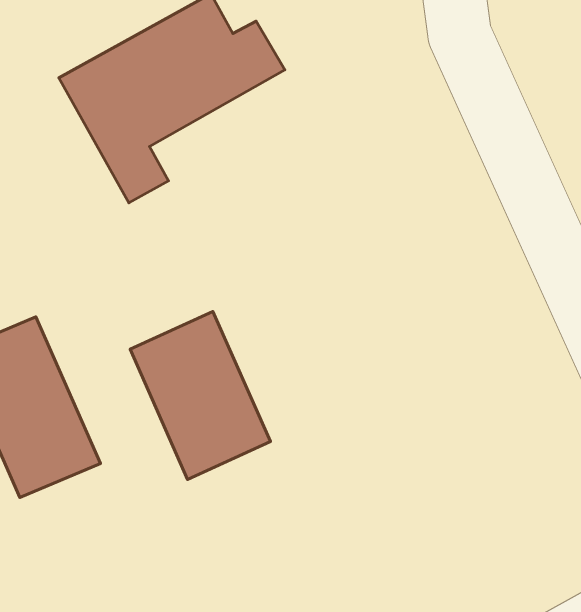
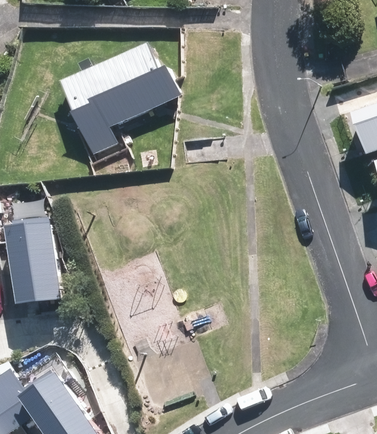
building: [130,311,270,479] -> none

